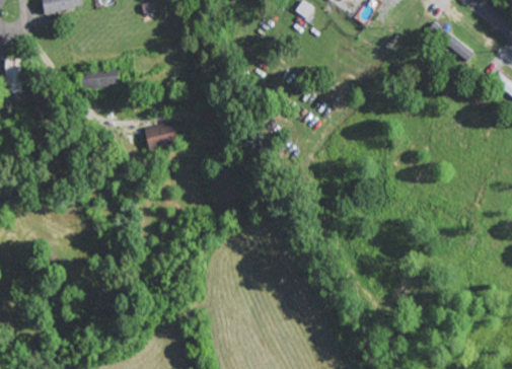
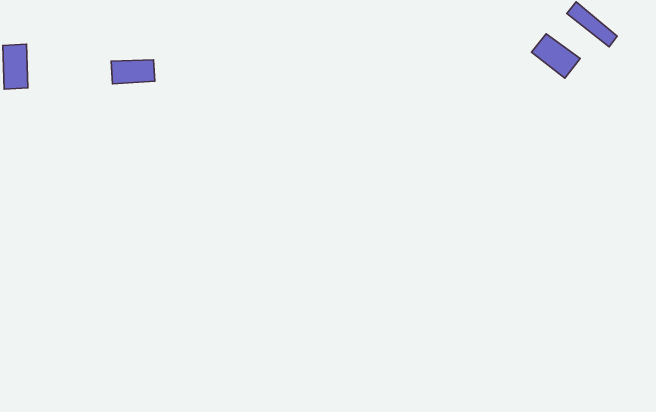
building: none -> [532,34,580,78]
building: [143,121,177,148] -> none

